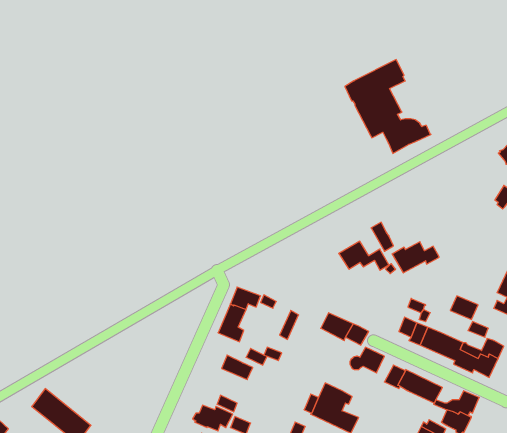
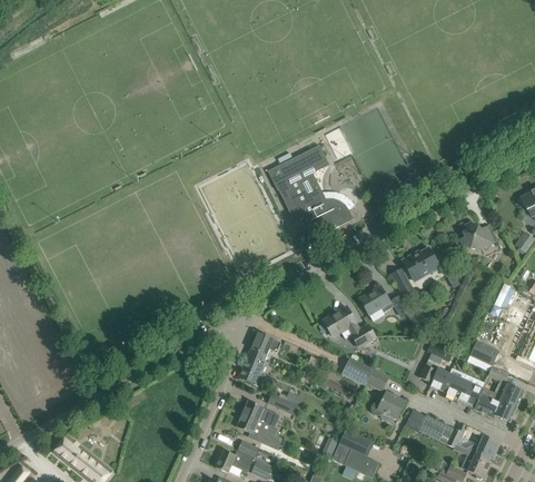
building: [345,60,431,153] -> [268,144,354,237]
building: none -> [462,224,497,247]
building: [392,242,439,273] -> [402,247,448,278]
building: none -> [323,306,375,346]
building: none -> [237,413,278,447]

